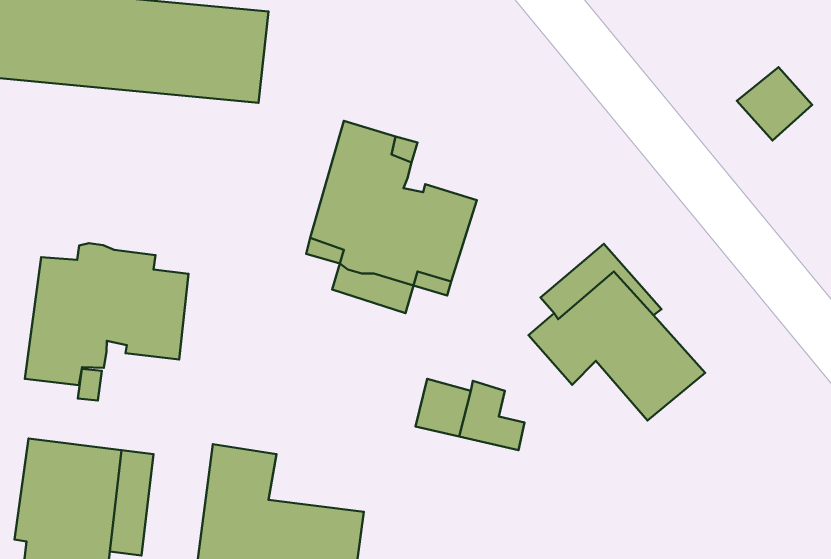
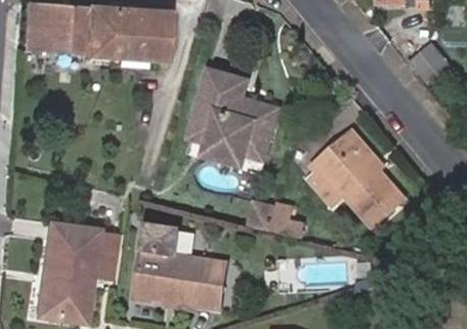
building: [25,243,189,385] -> none

